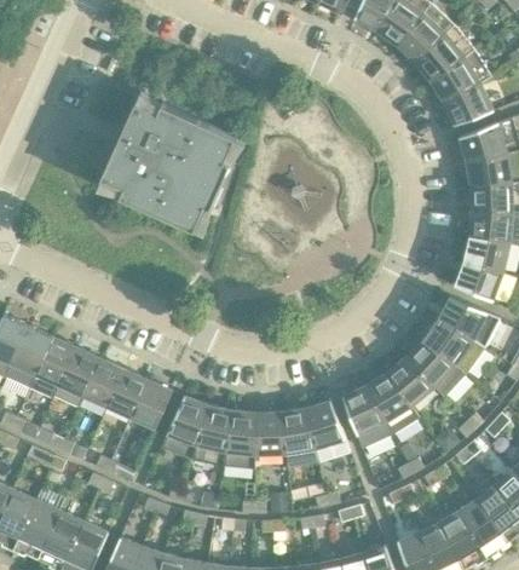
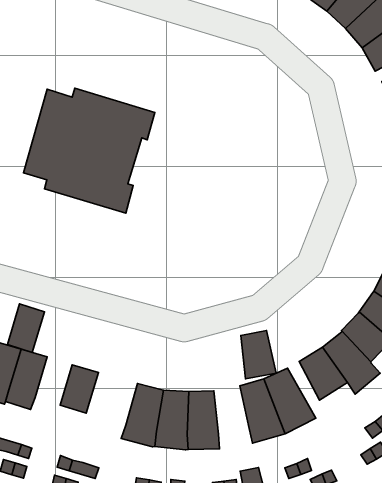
building: [83,357,123,405] -> [7,304,44,352]
building: [131,379,173,427] -> none
building: [255,410,286,454] -> [241,331,276,379]

